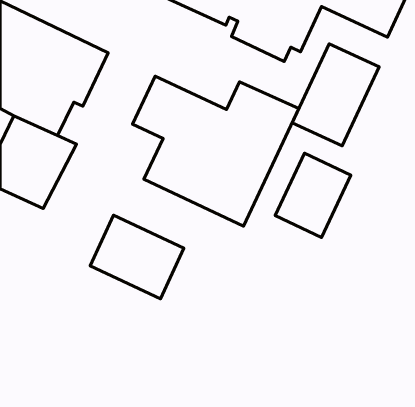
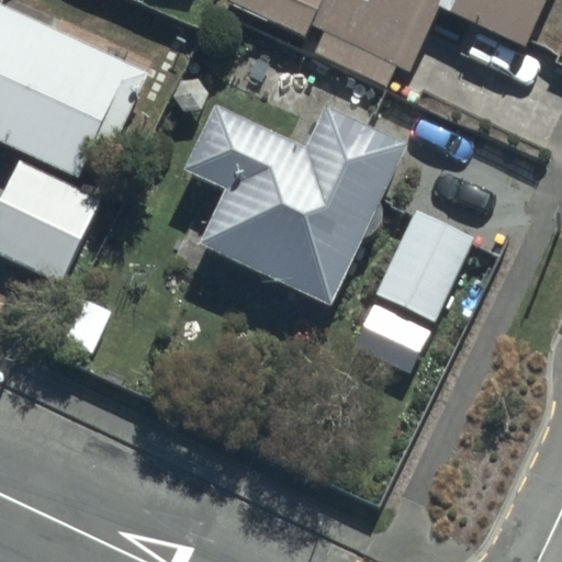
building: [292,44,379,146] -> none
building: [90,215,184,299] -> none

